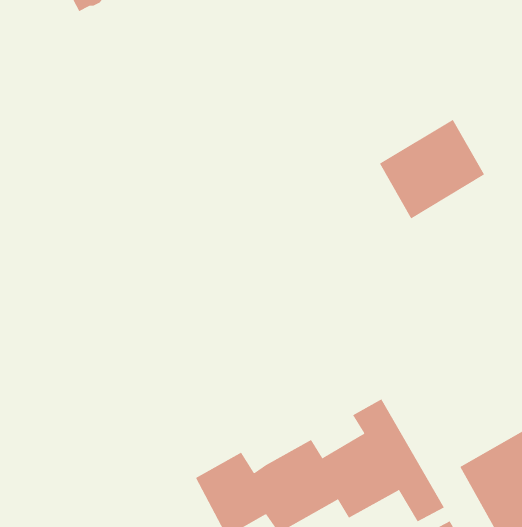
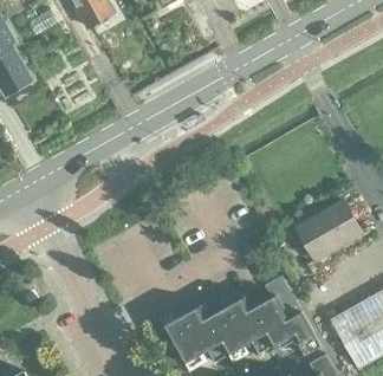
building: [379,119,485,219] -> [296,197,363,261]

